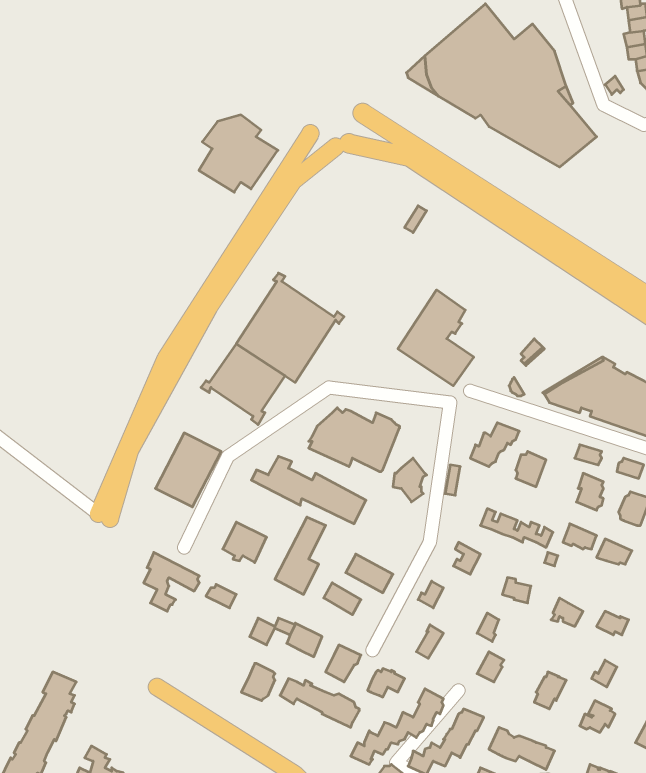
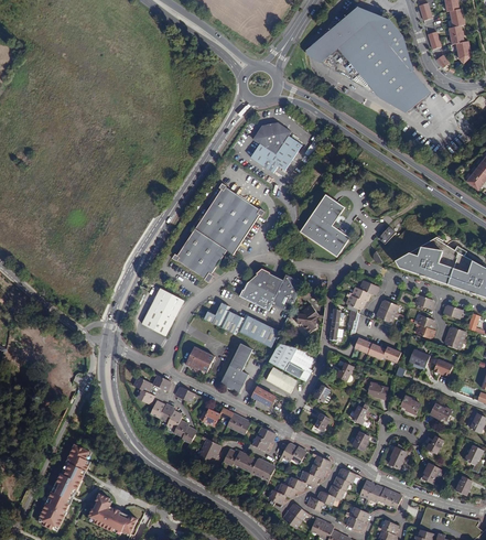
building: [199,115,278,192] -> [250,121,302,172]
building: none -> [269,344,304,378]
building: none -> [151,401,196,443]

